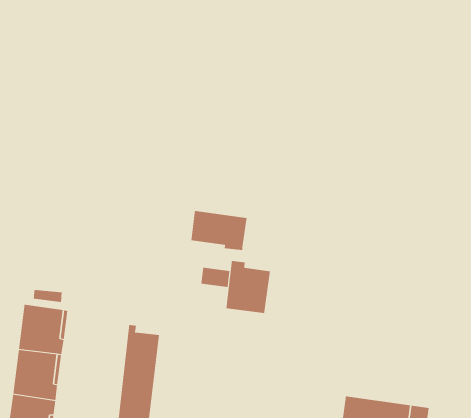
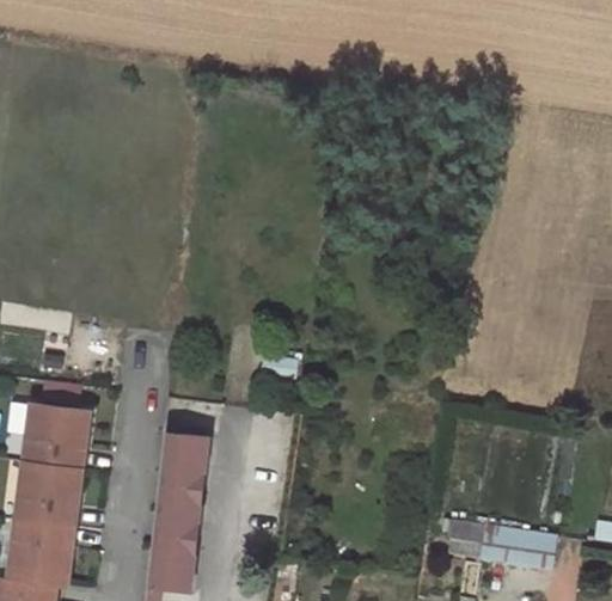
building: [191,210,247,251] -> none
building: [226,260,271,314] -> none

